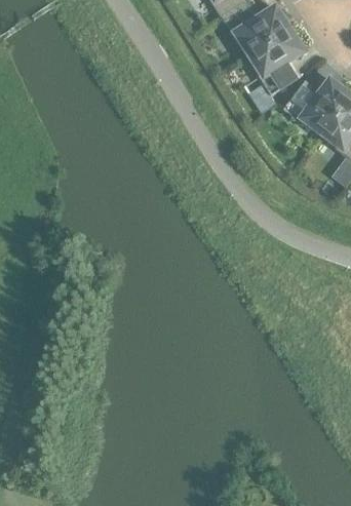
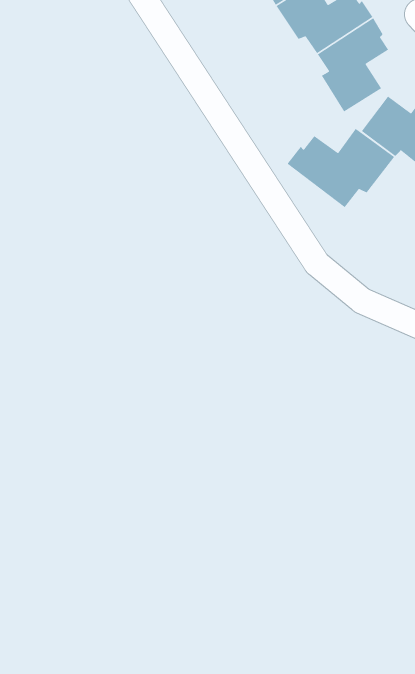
building: none -> [287,128,395,208]

